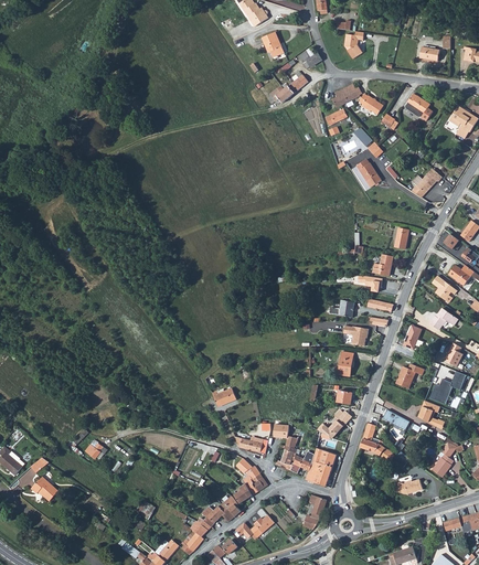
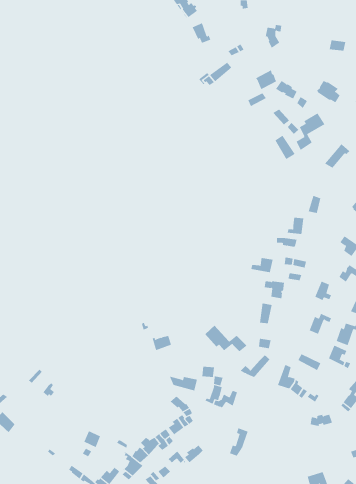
building: none -> [296,112,325,151]
building: none -> [205,325,248,352]
building: [306,449,336,486] -> none

